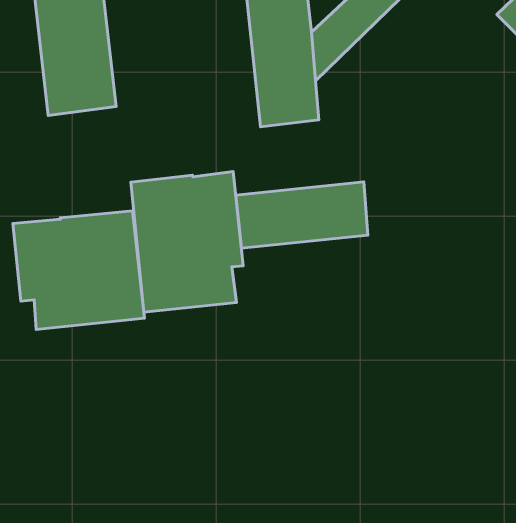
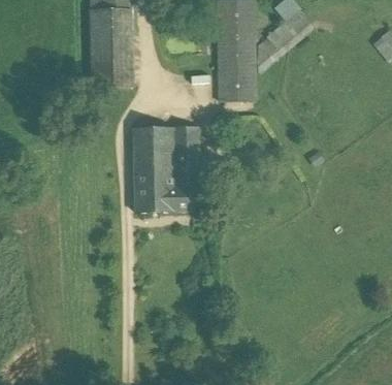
building: [236,182,368,248] -> none
building: [13,211,144,329] -> none

